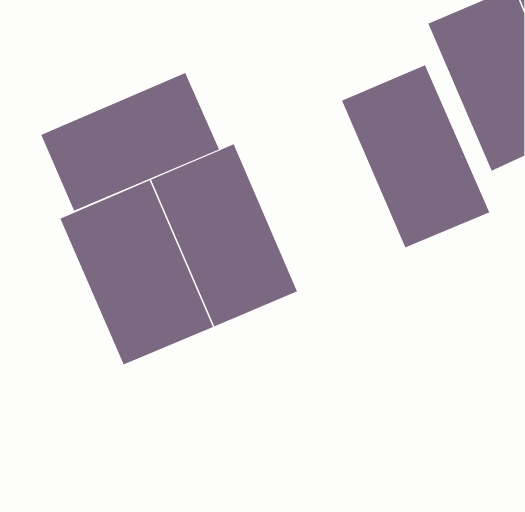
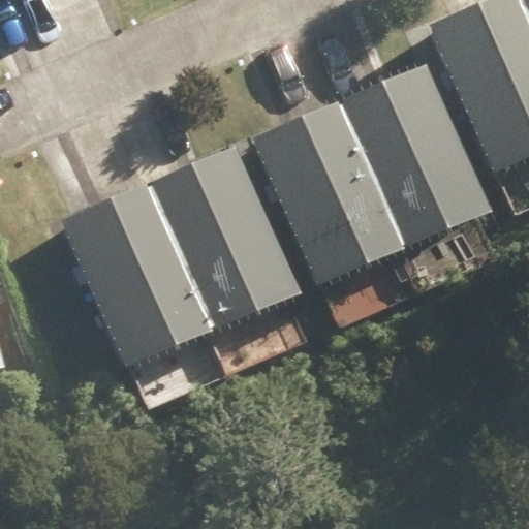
building: [40,72,220,212] -> none
building: none -> [253,101,407,289]

